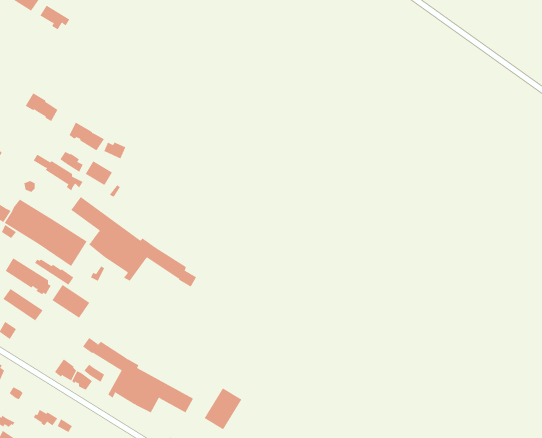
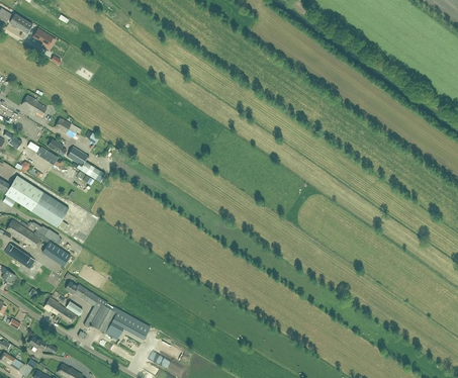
building: [70,196,197,287] -> none
building: [204,387,242,430] -> none

